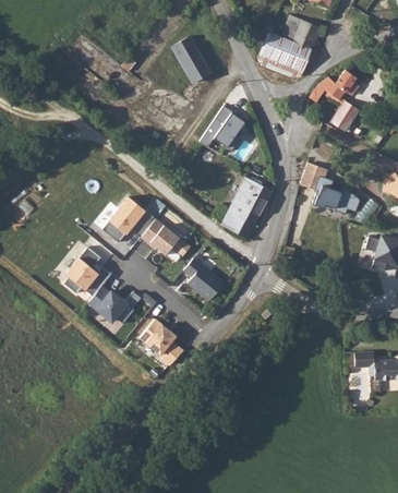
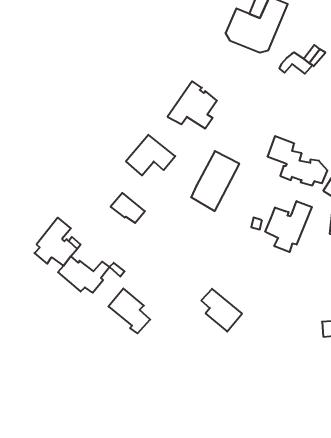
building: [170,36,208,83] -> none
building: [331,101,360,132] -> none
building: [104,199,154,240] -> [126,135,175,175]
building: none -> [265,201,312,252]
building: [182,256,224,300] -> [201,289,242,332]

